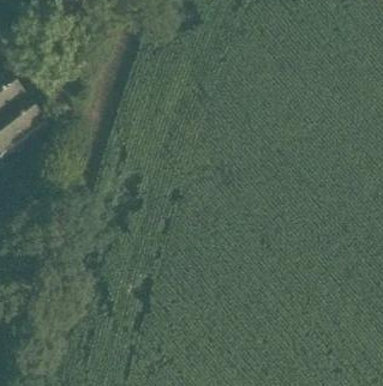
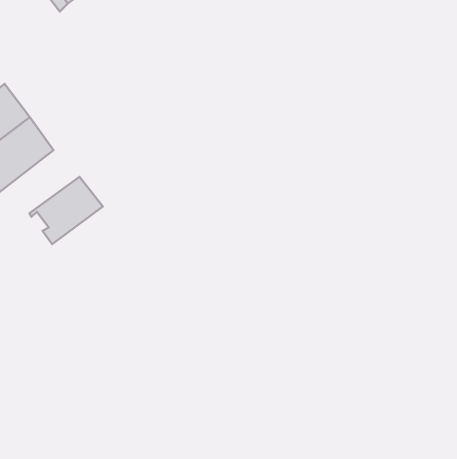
building: none -> [29,177,103,244]

